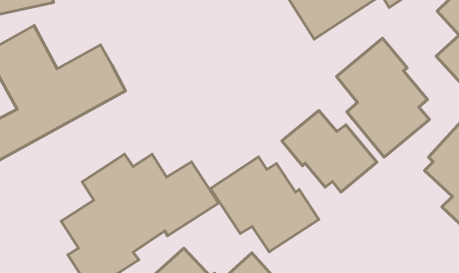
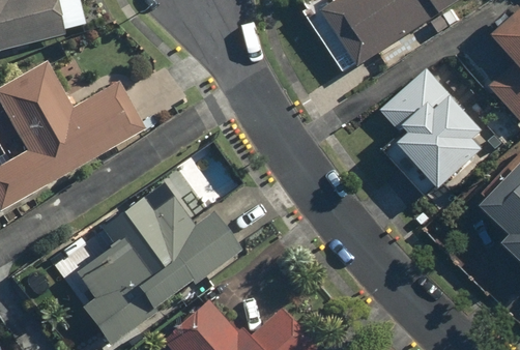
building: [282,110,377,192] -> none
building: [210,157,319,252] -> none

